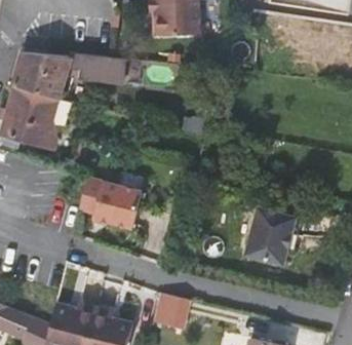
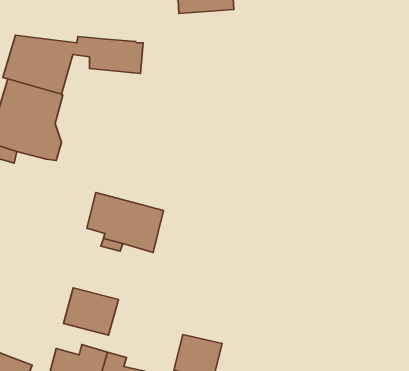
building: [245,207,296,264] -> none
building: none -> [63,288,118,335]

